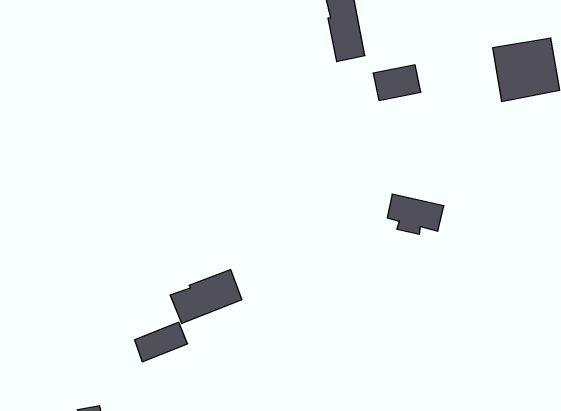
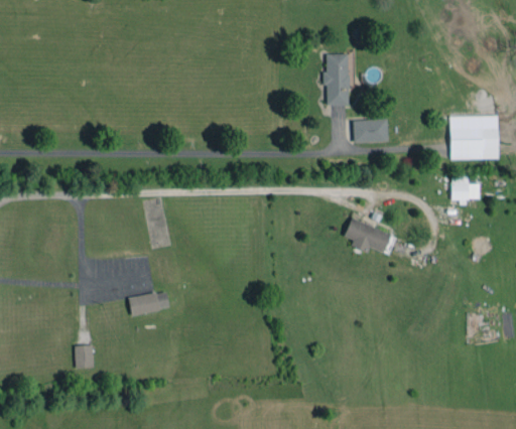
building: none -> [452,175,480,201]
building: [170,270,242,324] -> none

